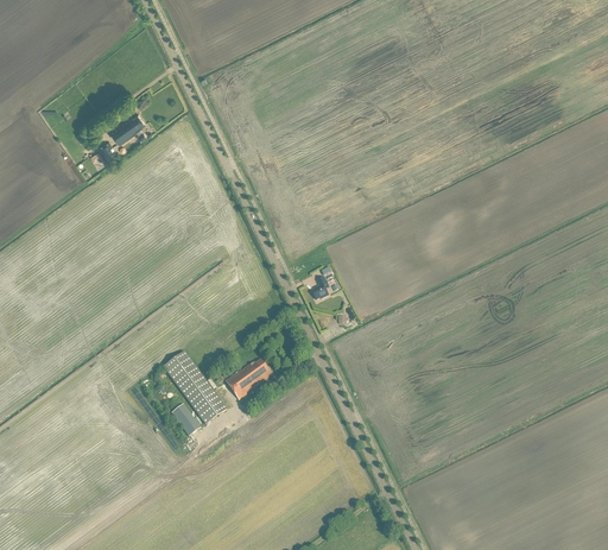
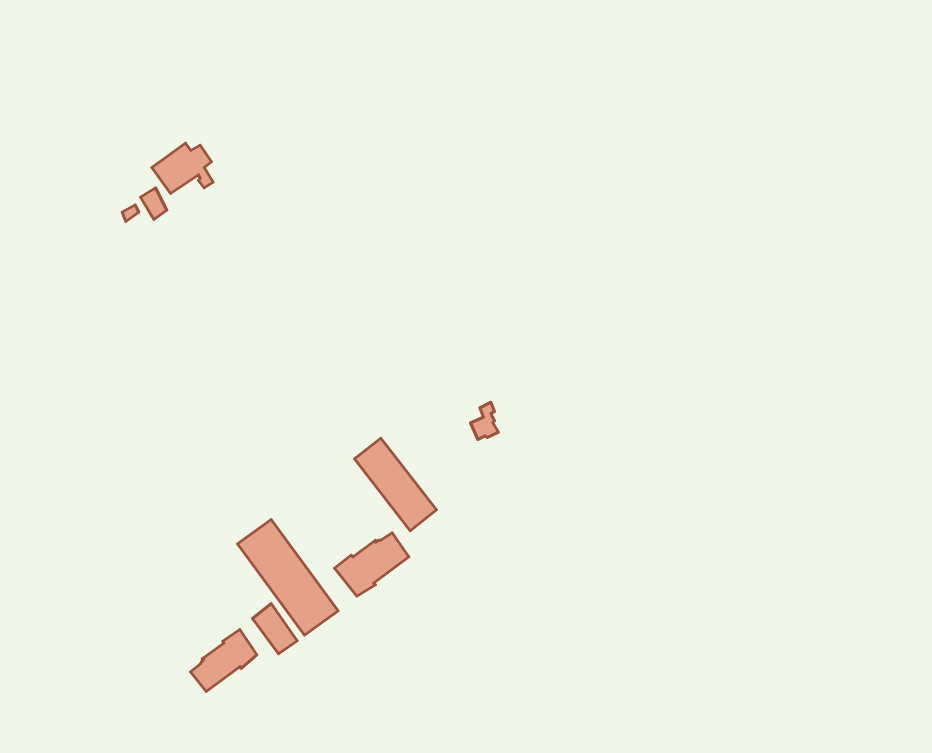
building: none -> [354,438,437,531]
building: none -> [190,629,257,691]

